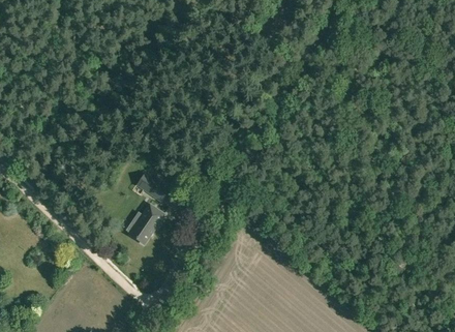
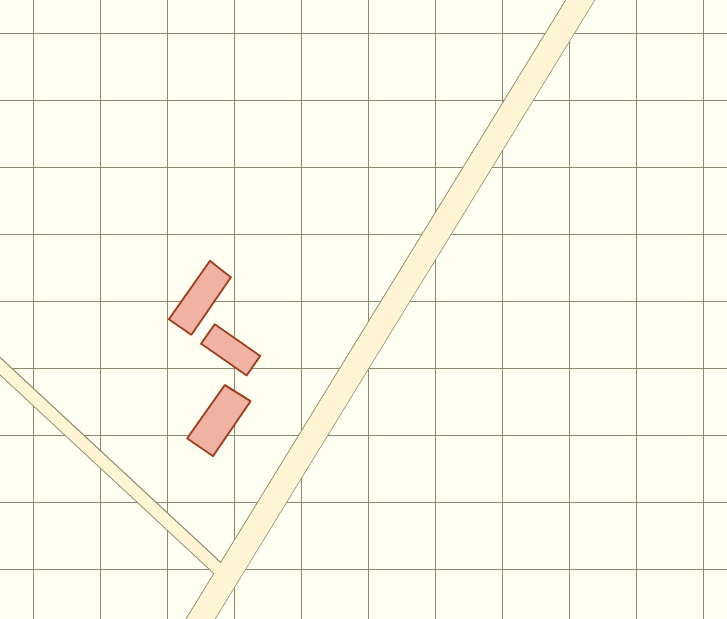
building: none -> [169,261,231,335]

